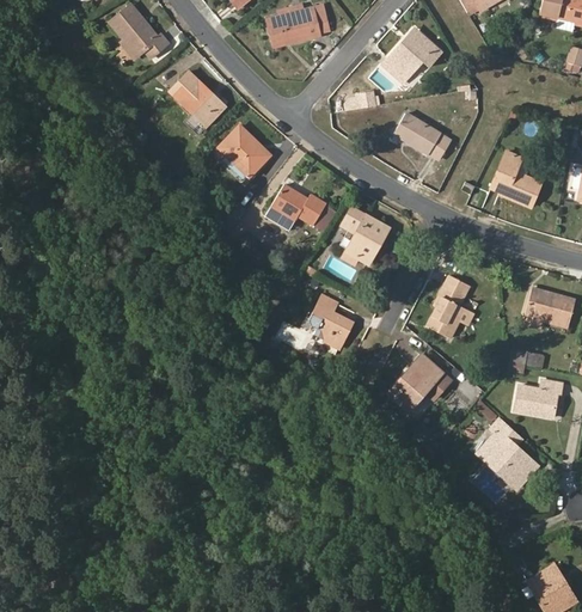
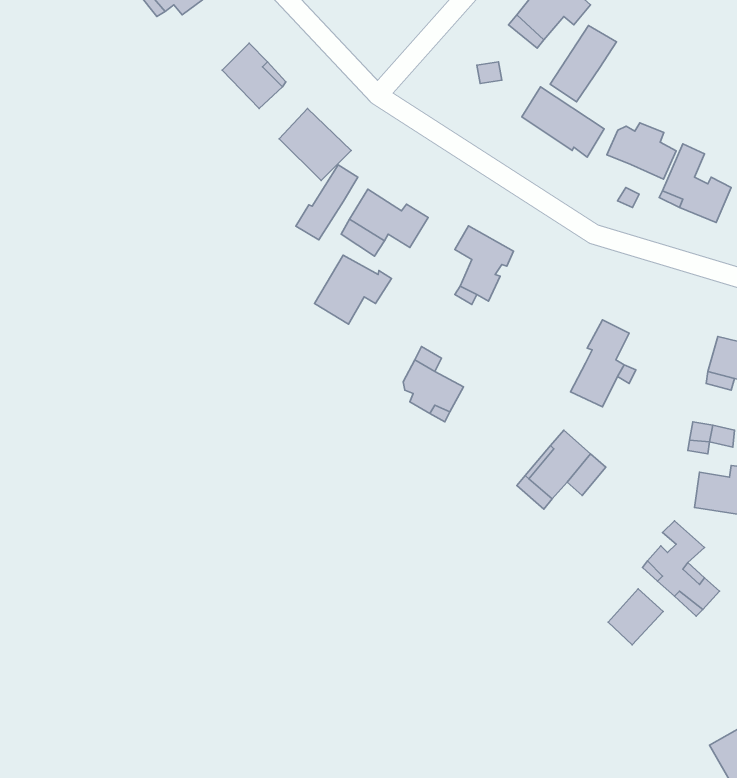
building: none -> [550,25,616,102]
building: none -> [607,123,676,179]
building: none -> [296,165,358,240]
building: none -> [315,255,392,324]
building: none -> [608,589,663,645]

